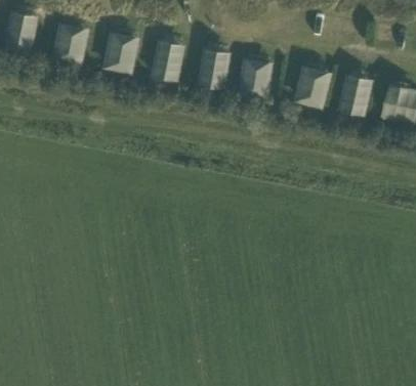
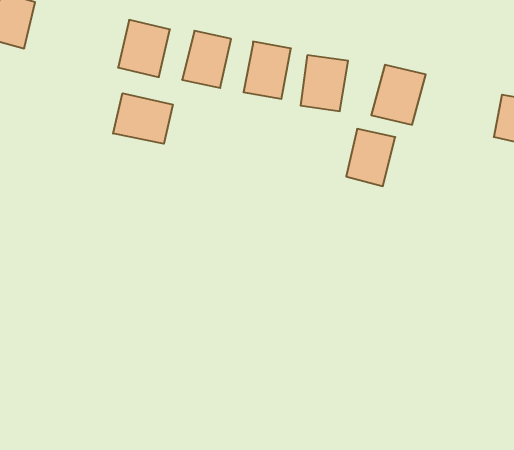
building: [51,22,90,66] -> none
building: [337,74,374,117] -> [346,129,395,186]
building: none -> [113,93,173,144]

